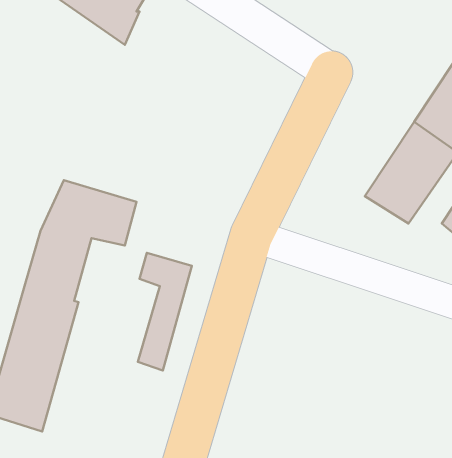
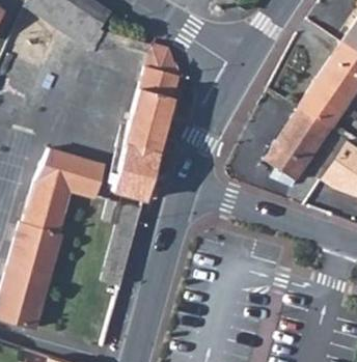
building: none -> [92,29,178,200]

